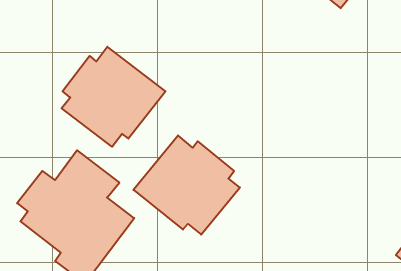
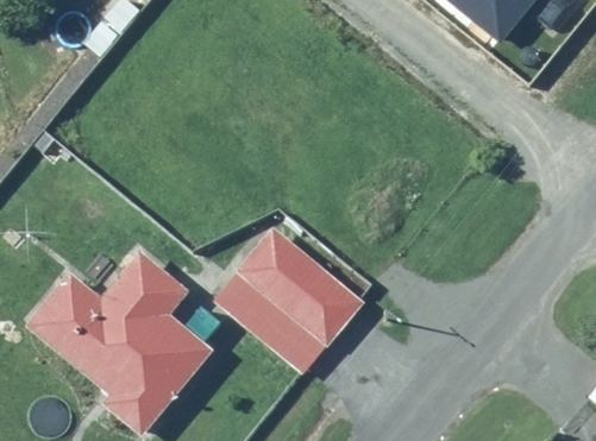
building: [62,47,165,147] -> none

